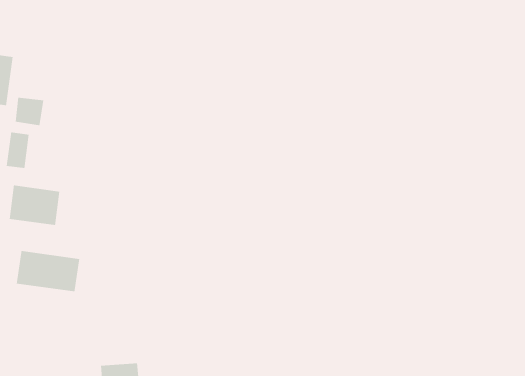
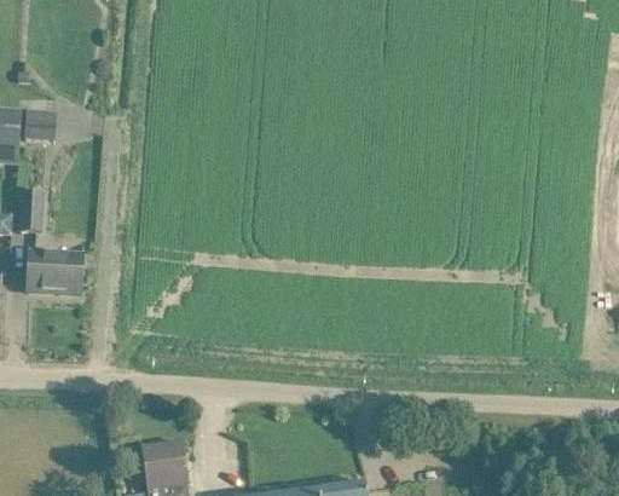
building: [15,97,44,126] -> [24,108,56,138]
building: [16,250,80,292] -> none

